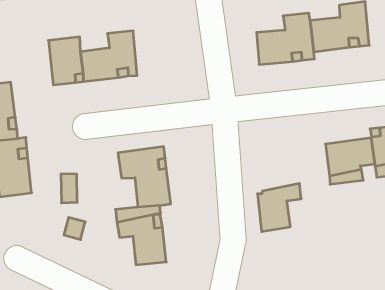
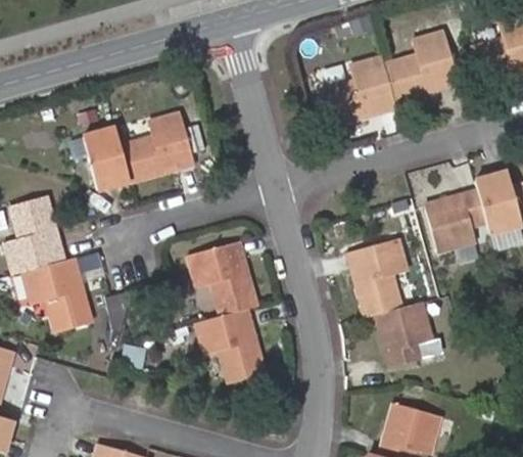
building: none -> [348,241,401,273]
building: none -> [376,304,429,368]

